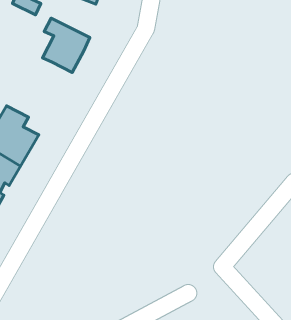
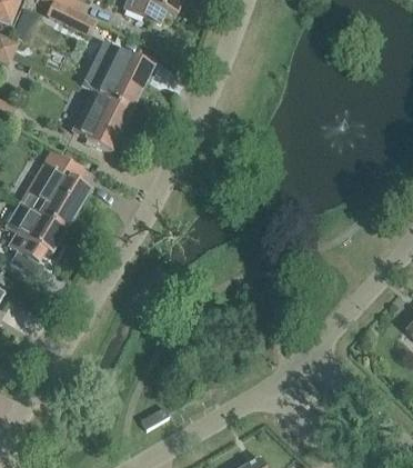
building: none -> [73,90,132,151]

